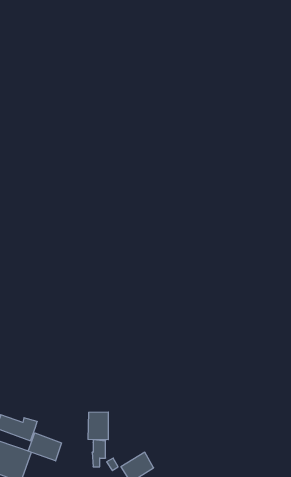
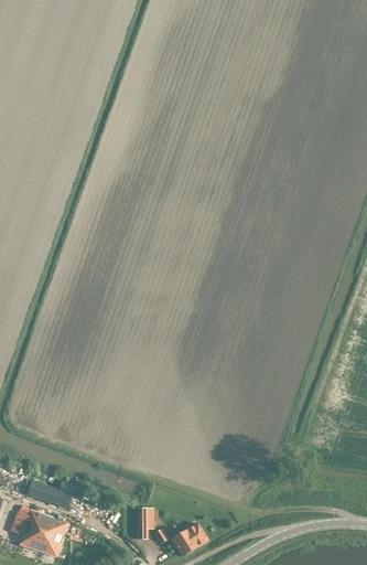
building: [88,412,108,440] -> none
building: [28,433,61,461] -> none

